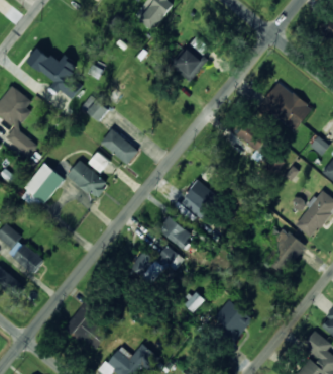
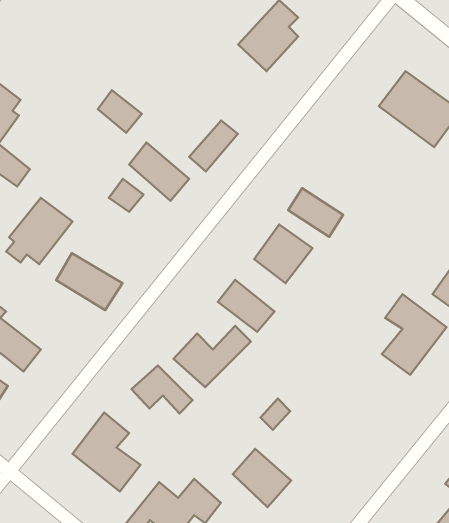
building: [27,46,78,98] -> none
building: none -> [189,121,238,171]
building: [236,122,271,154] -> [288,188,343,237]
building: [67,161,109,197] -> [56,253,122,310]
building: none -> [132,365,193,413]
building: [215,299,252,337] -> [233,449,291,507]

